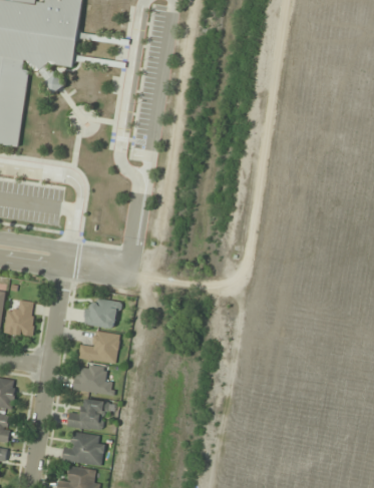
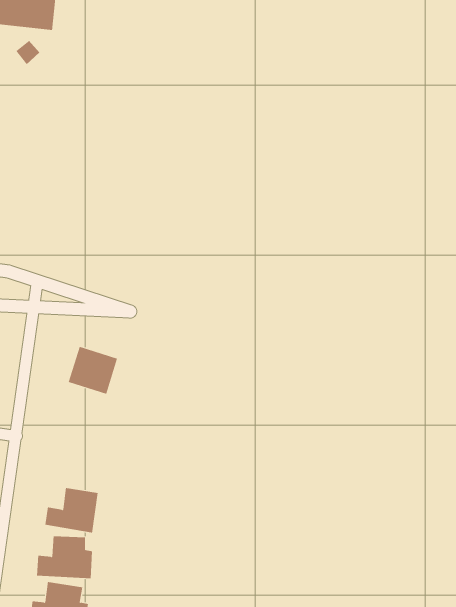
building: [77,331,119,364] -> none
building: [73,364,112,395] -> none

